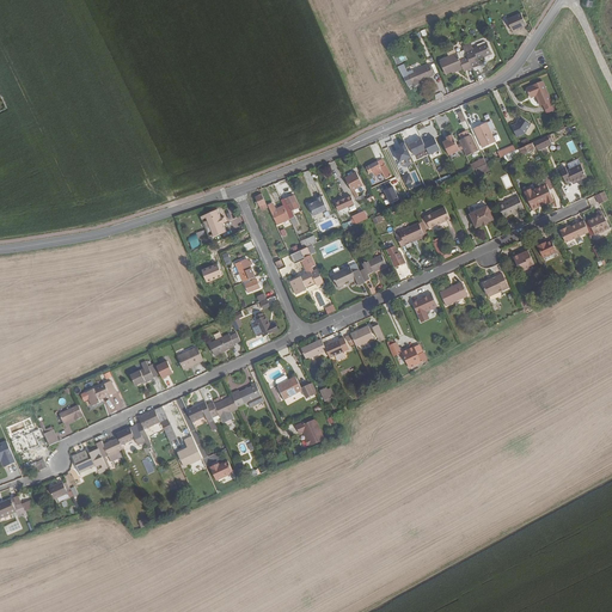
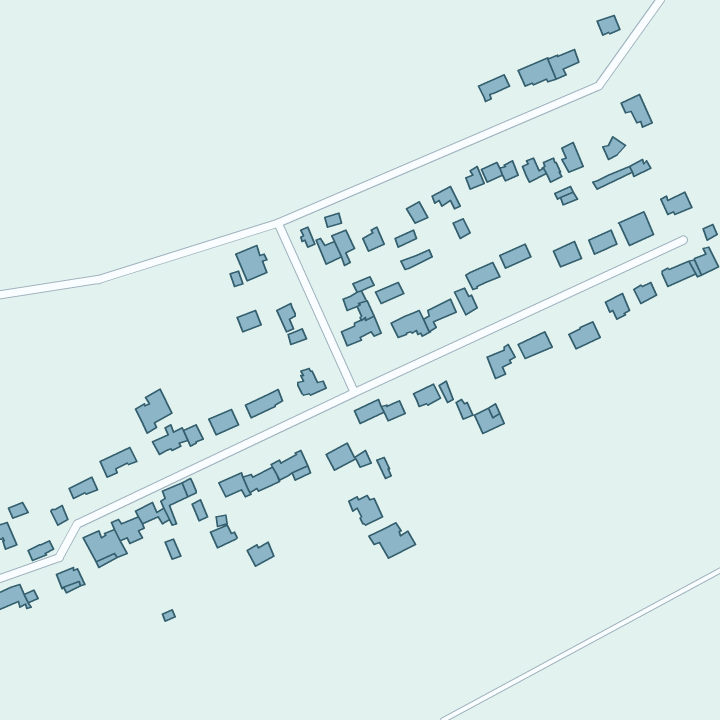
building: none -> [135,389,172,433]
building: none -> [369,523,416,558]

